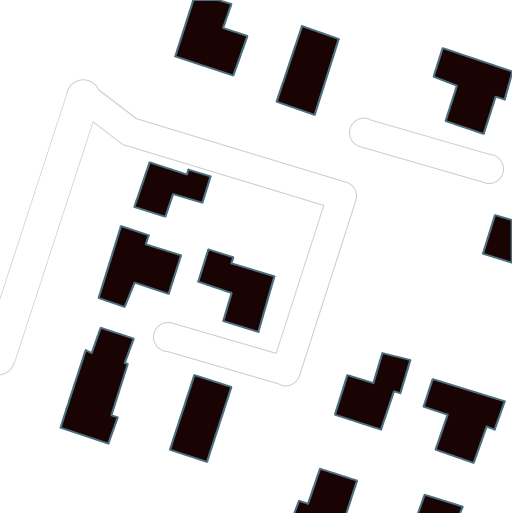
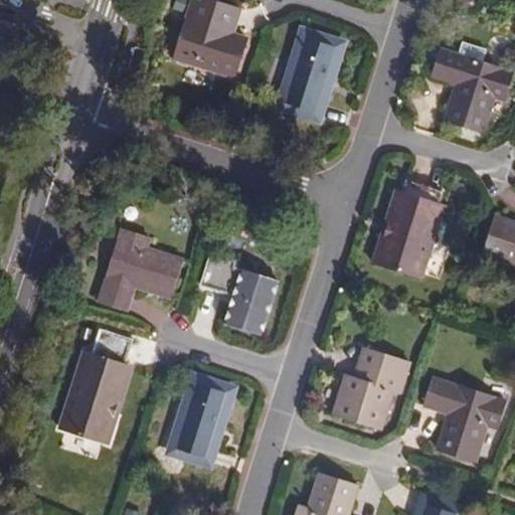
building: [134,162,211,217] -> none
building: none -> [375,182,447,279]
building: none -> [347,345,382,384]

